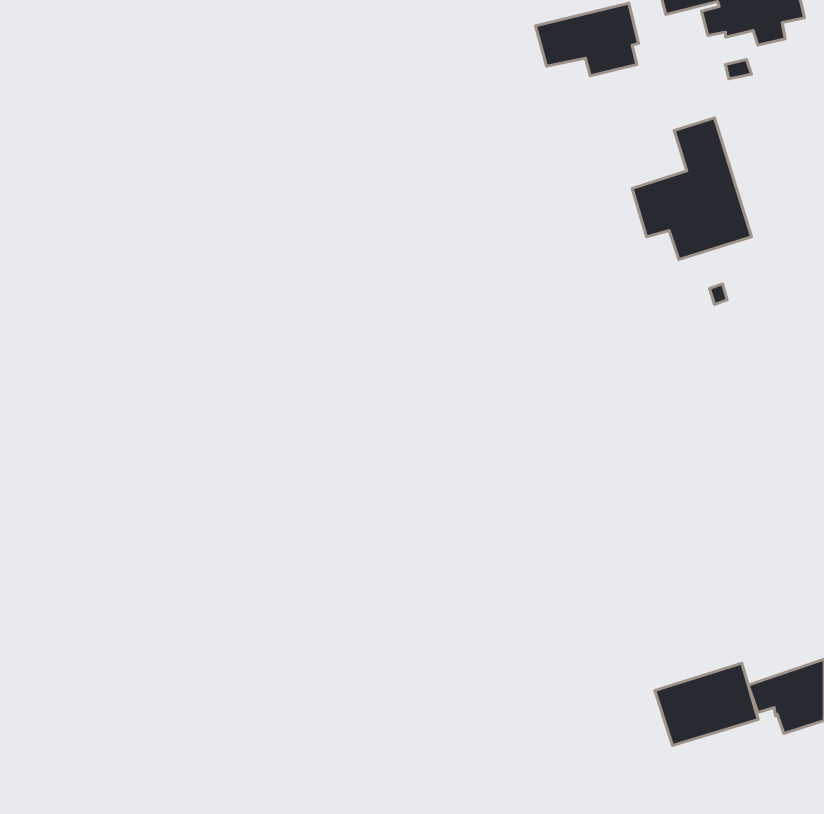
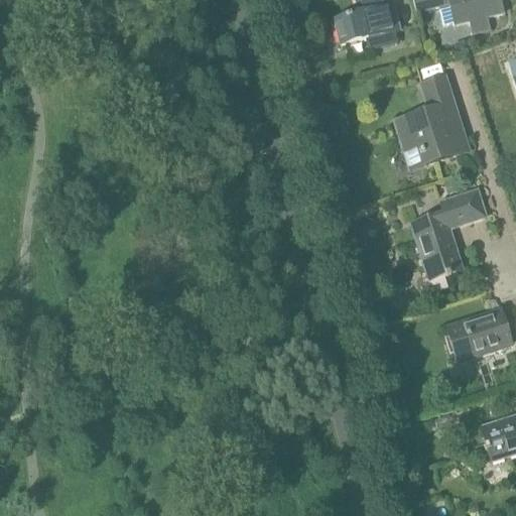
building: none -> [409,188,484,278]
building: [655,663,758,745] -> [445,307,510,359]

